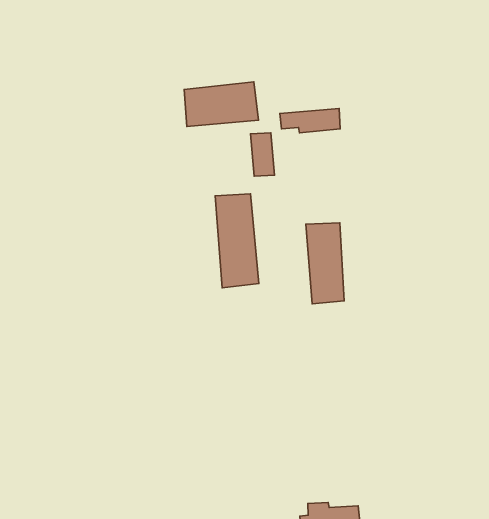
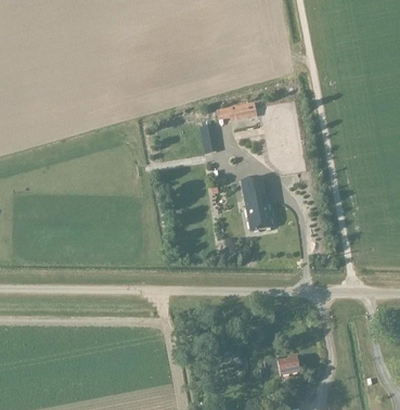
building: [184,82,258,126] -> none
building: [215,194,259,288] -> none

